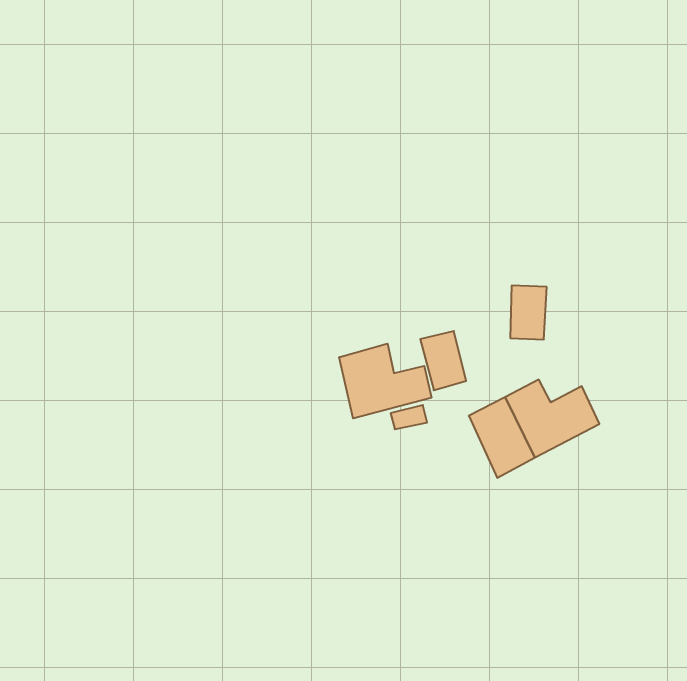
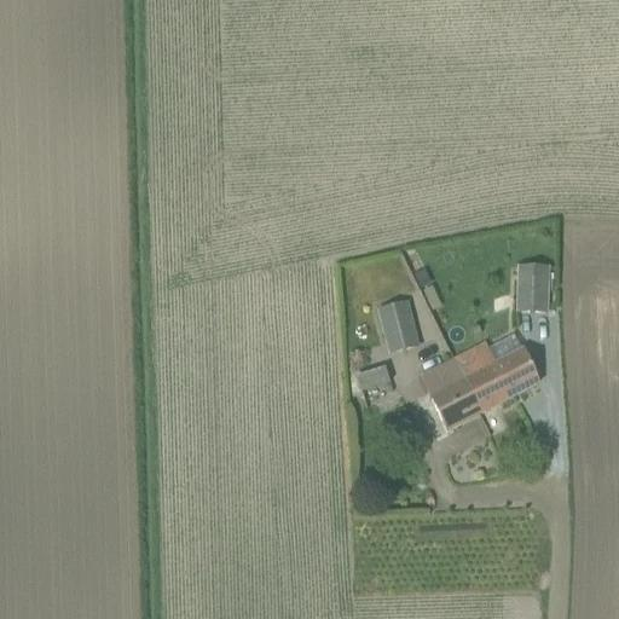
building: [510,286,547,339] -> [517,262,550,311]
building: [339,344,431,418] -> none

